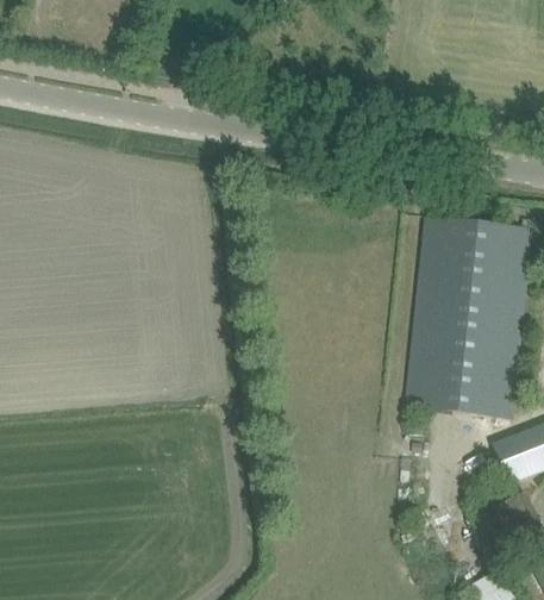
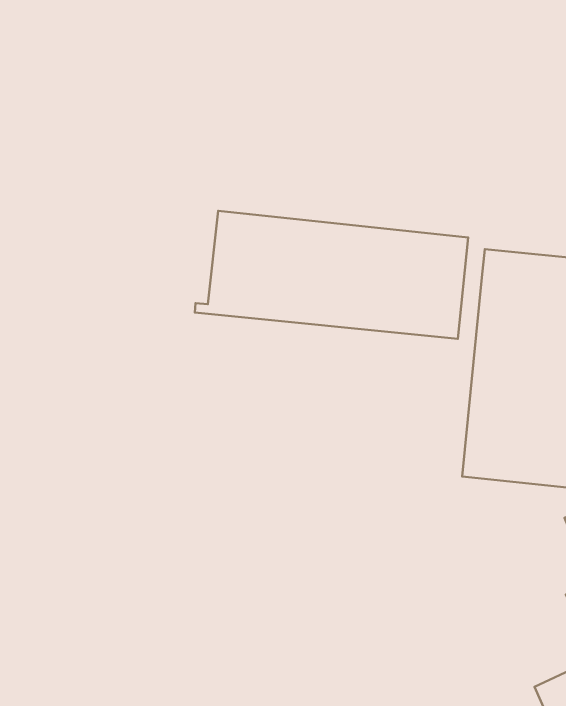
building: none -> [195,211,468,339]

